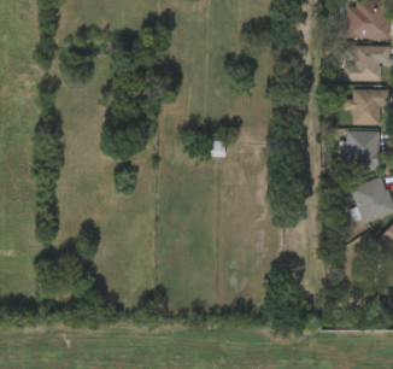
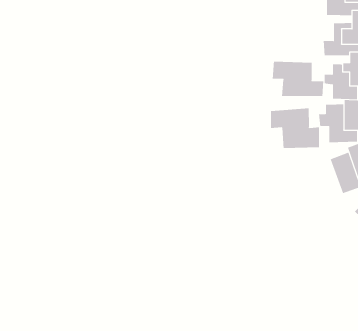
building: none -> [272,61,324,97]
building: none -> [271,108,319,149]

